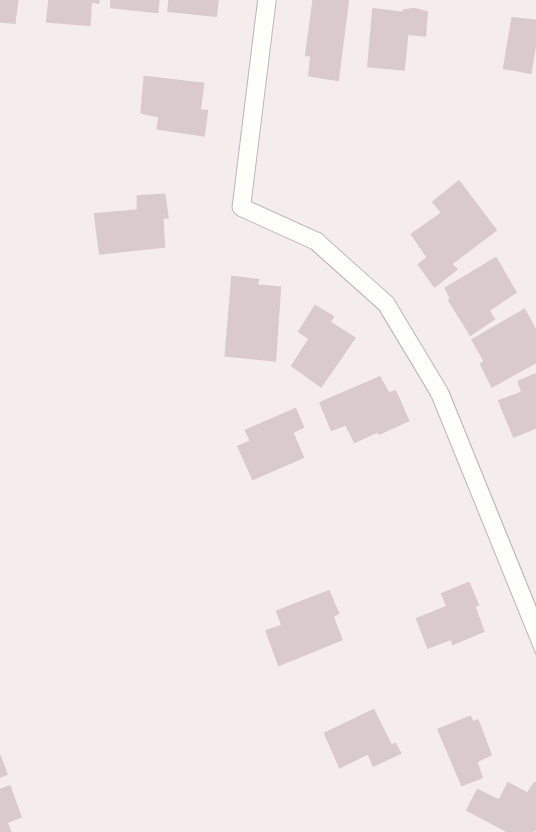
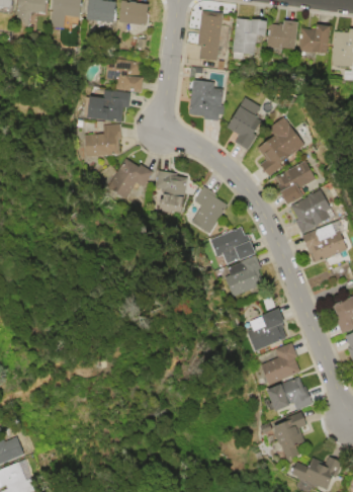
building: none -> [271,19,299,52]
building: none -> [188,79,225,120]
building: none -> [82,90,129,122]
building: none -> [226,103,264,150]
building: none -> [101,158,152,200]
building: [236,406,306,481] -> [220,256,260,299]
building: [264,589,344,667] -> [241,309,286,353]
building: [323,707,403,770] -> [267,378,313,413]

